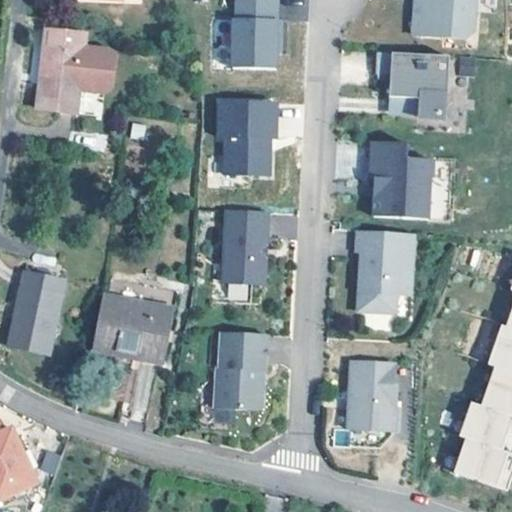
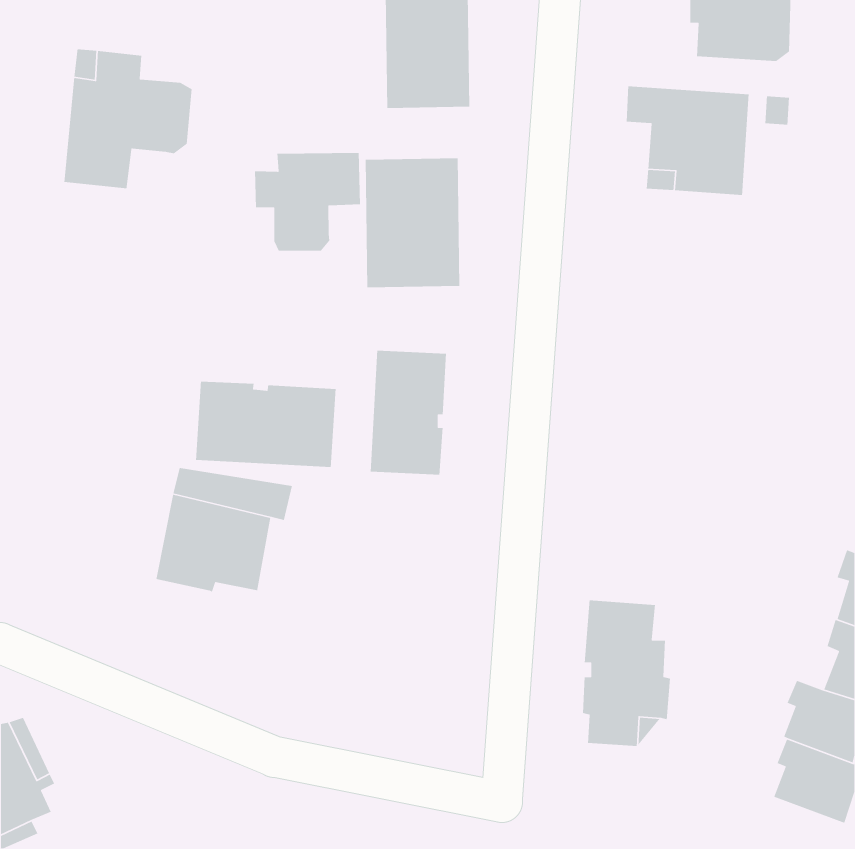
building: none -> [254,152,361,252]
building: [368,141,432,220] -> none
building: none -> [195,381,336,468]
building: [354,230,412,313] -> none
building: [6,272,62,354] -> none
building: [212,332,264,410] -> none

